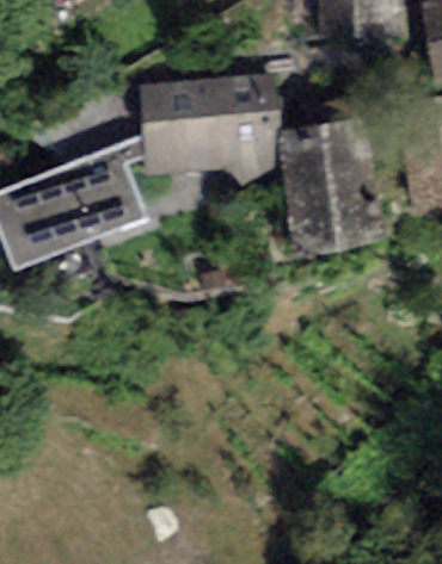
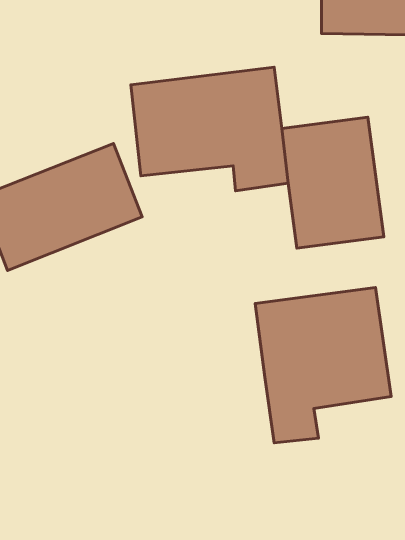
building: none -> [255,287,391,443]

